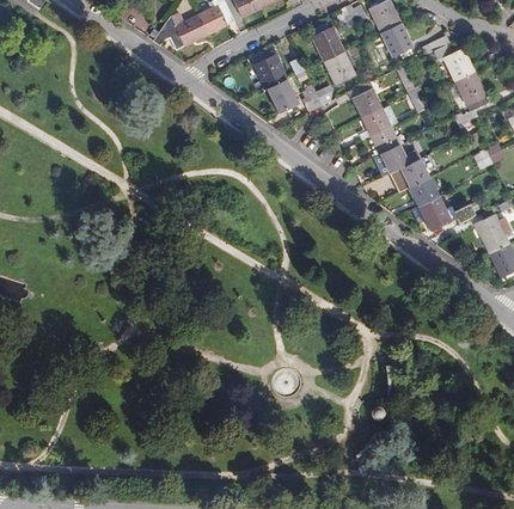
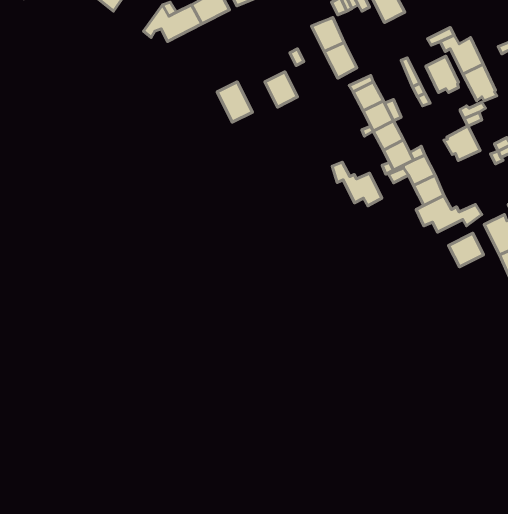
building: [381,23,412,57] -> [426,56,459,93]
building: [253,50,287,88] -> [217,82,252,122]
building: [300,86,334,111] -> none
building: none -> [444,126,480,161]
building: none -> [332,162,382,206]
building: none -> [449,233,484,267]

